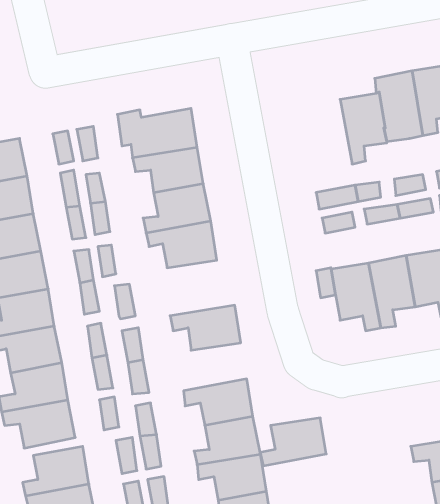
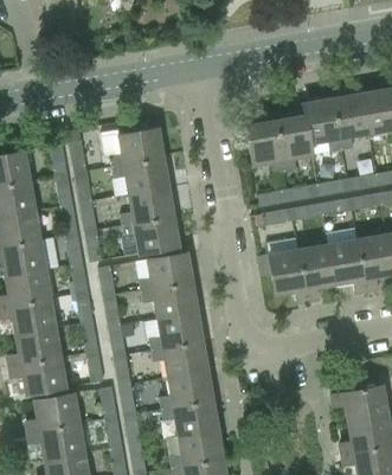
building: none -> [246,121,285,174]
building: none -> [140,253,193,291]
building: [260,418,326,466] -> [150,313,203,351]

